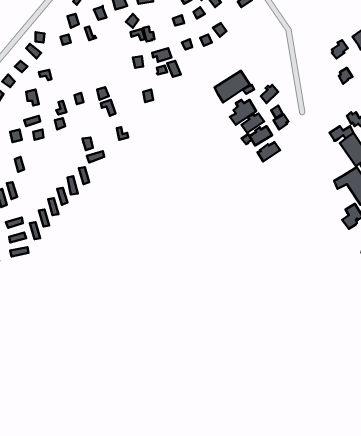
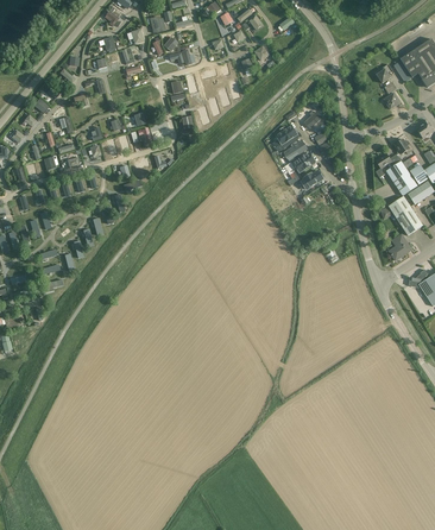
building: [214,71,250,102] -> none

